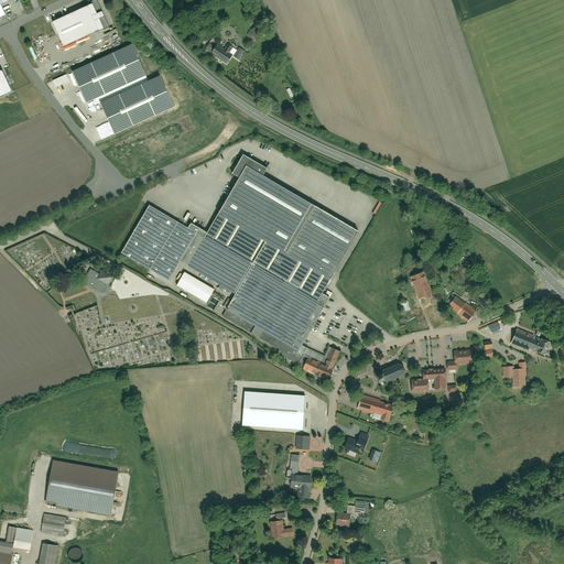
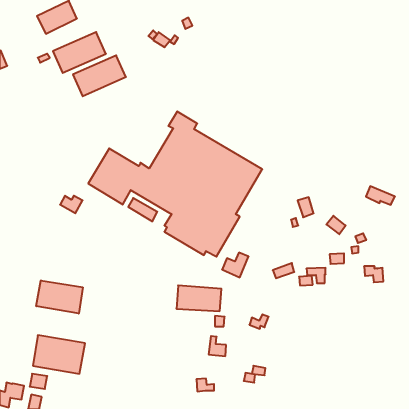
building: [510,328,550,354] -> [366,186,395,205]
building: none -> [36,280,83,314]
building: [355,392,393,425] -> none

